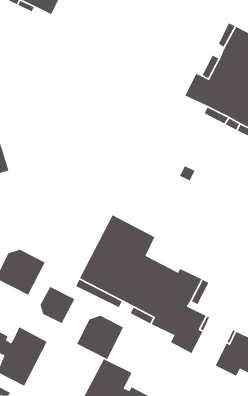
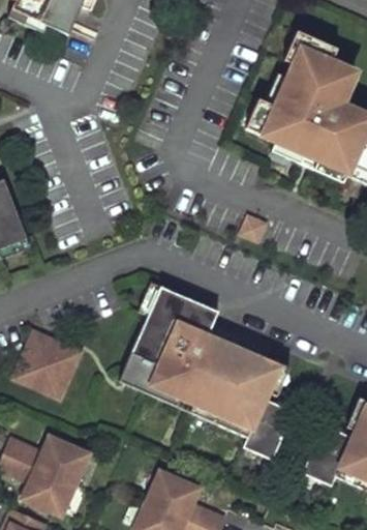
building: [40,286,75,324] -> none
building: [76,315,124,360] -> none

